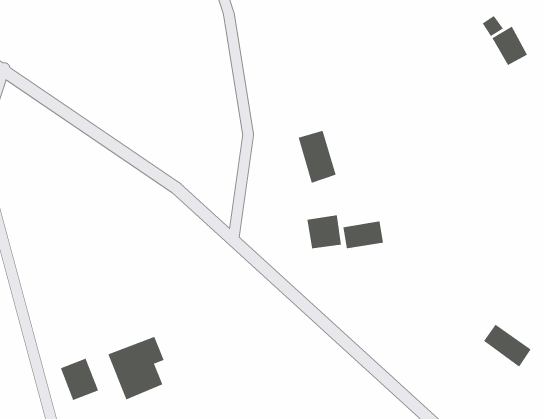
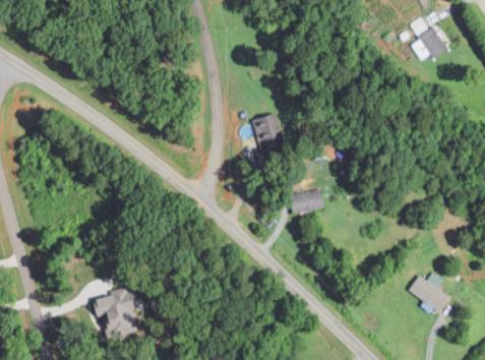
building: [307,214,341,249] -> none
building: [60,358,99,401] -> none

